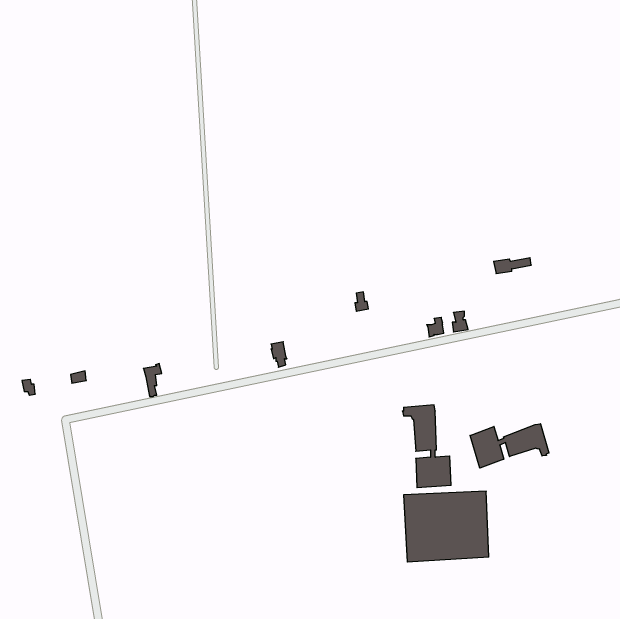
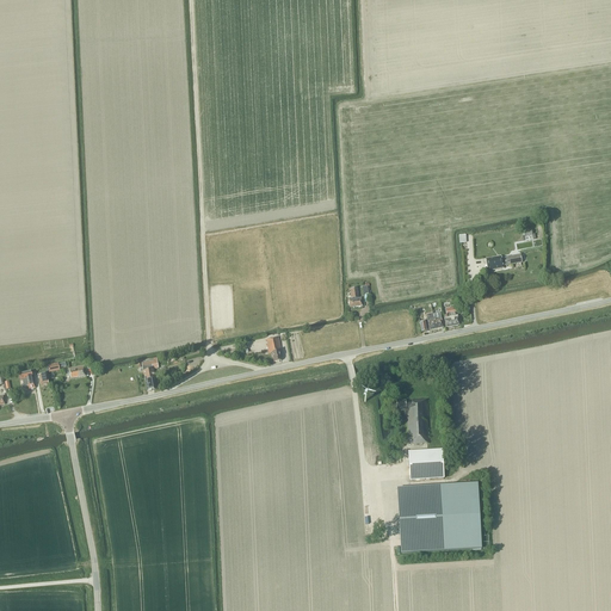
building: [470,424,549,468] -> none

